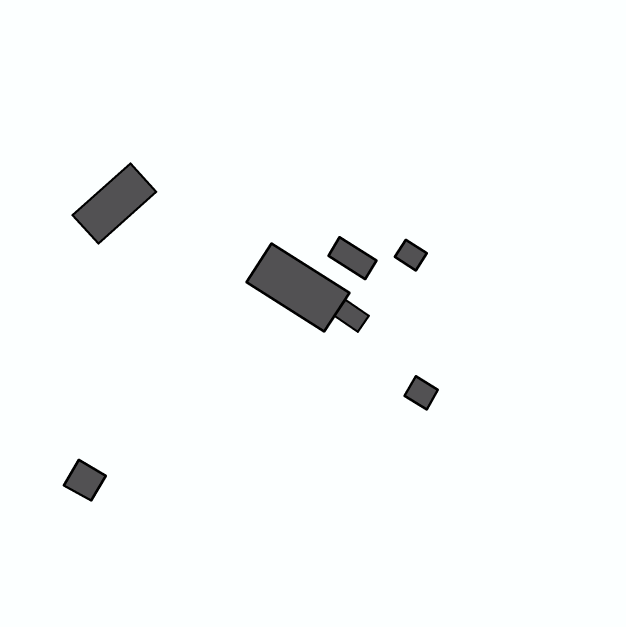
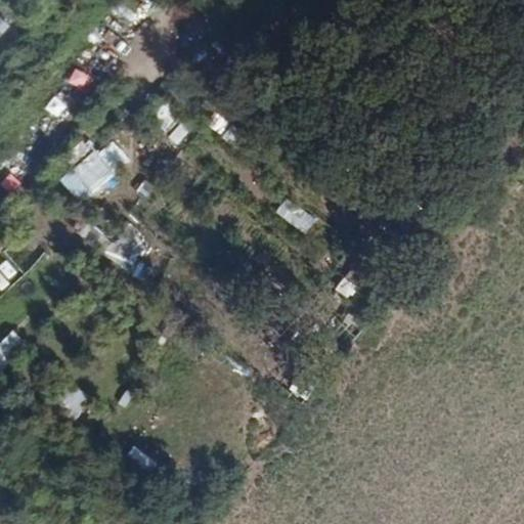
building: [246,243,350,332] -> none

